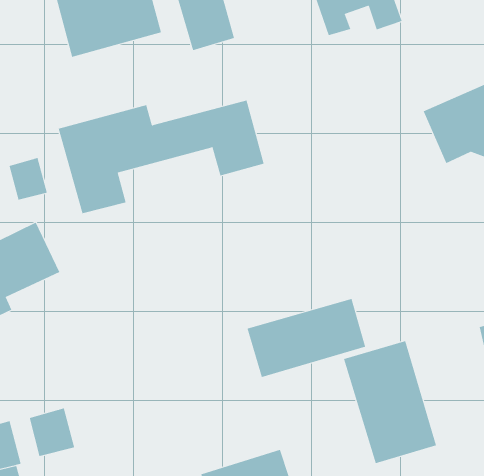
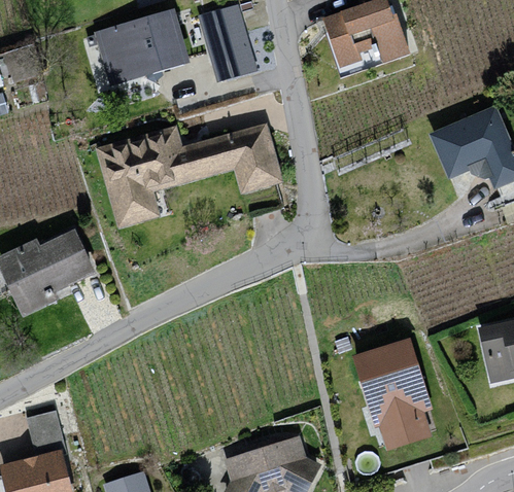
building: [9,157,48,201] -> none
building: [247,298,366,378] -> none
building: [29,408,75,457] -> none

